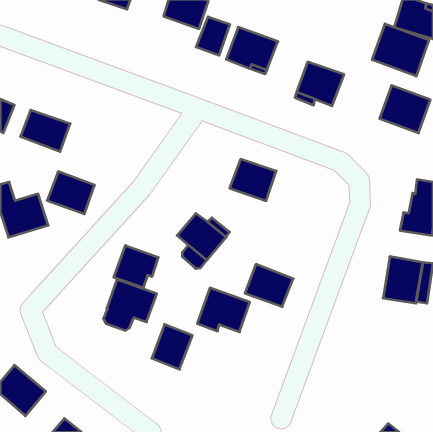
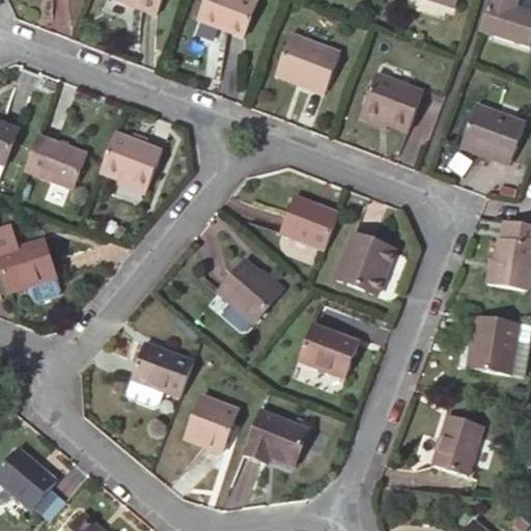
building: [196,17,230,55] -> none
building: [372,24,429,76] -> none
building: [47,172,95,214] -> [100,132,158,184]
building: none -> [337,230,394,291]
building: [114,245,158,288] -> none
building: [197,288,250,332] -> [243,411,307,465]
building: none -> [436,415,484,474]

